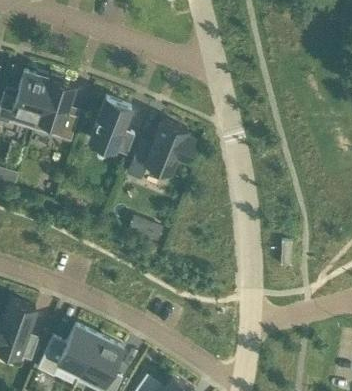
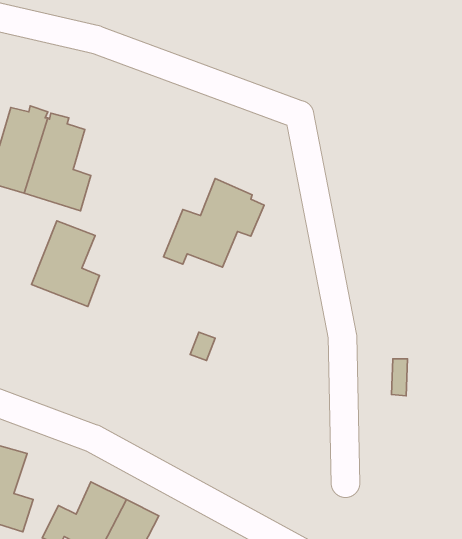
building: [89,99,135,157] -> [32,221,100,307]

